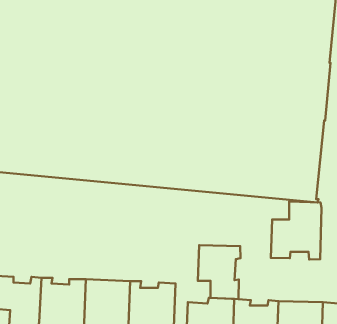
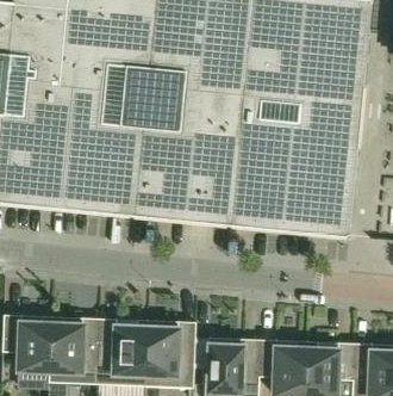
building: [271,202,321,260] -> none
building: [198,245,240,299] -> none

